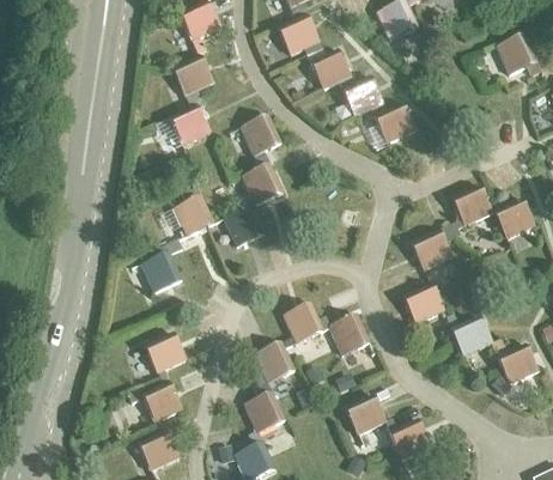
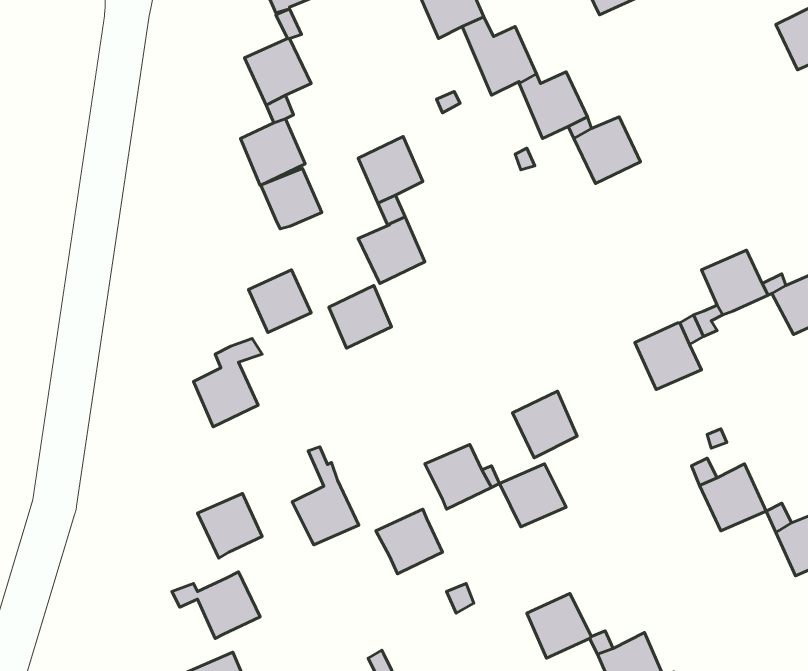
building: none -> [261,169,322,229]
building: [402,282,442,323] -> [513,391,577,458]
building: [244,371,285,431] -> [292,447,359,545]

